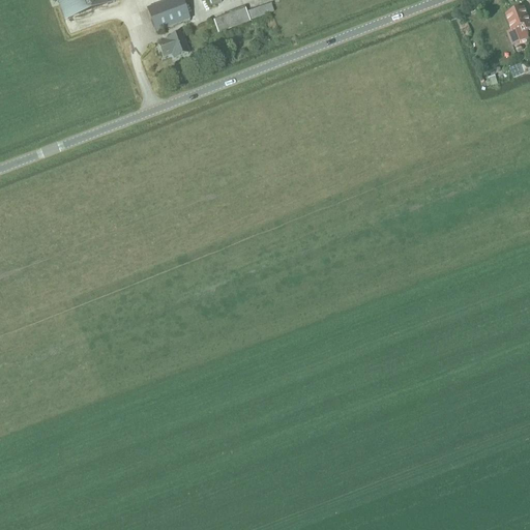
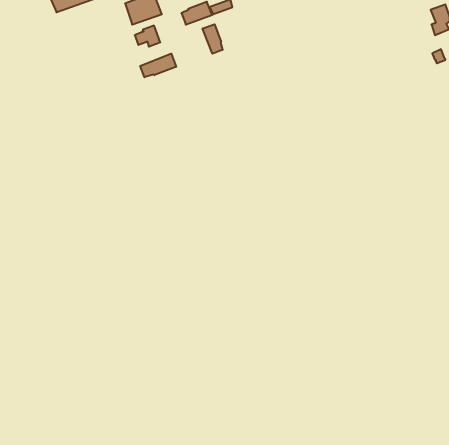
building: none -> [203,24,223,54]
building: none -> [140,54,176,77]

